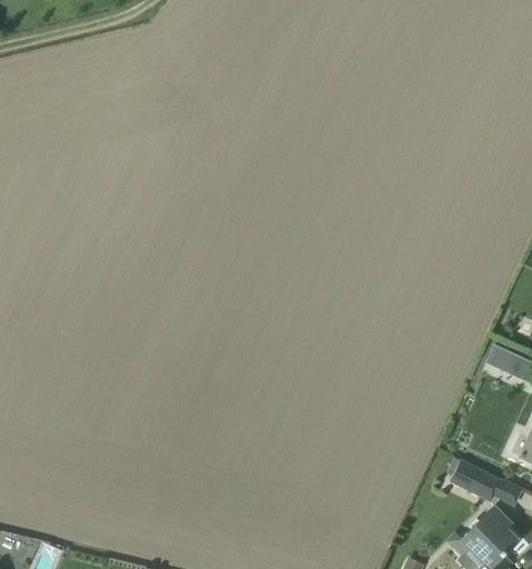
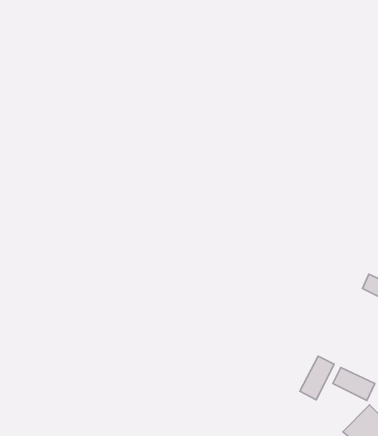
building: none -> [300,356,334,400]

